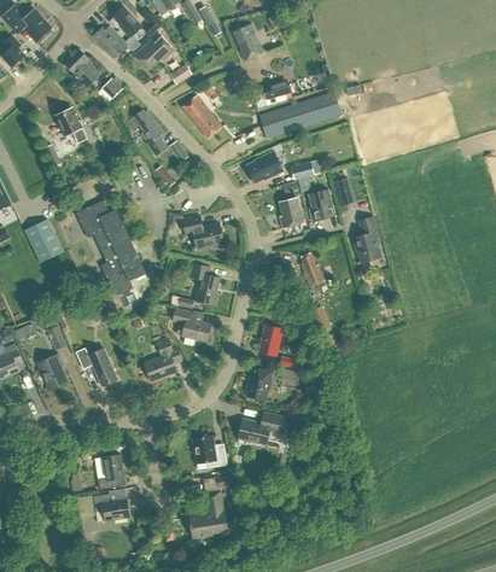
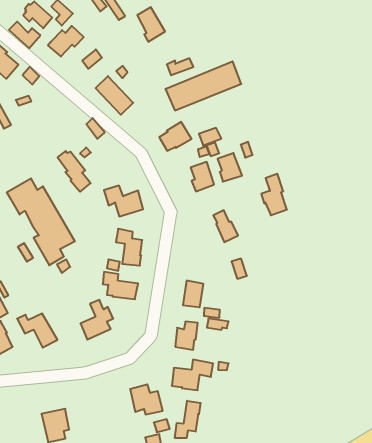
building: [134,110,168,156] -> [58,151,91,192]
building: none -> [175,401,201,438]

